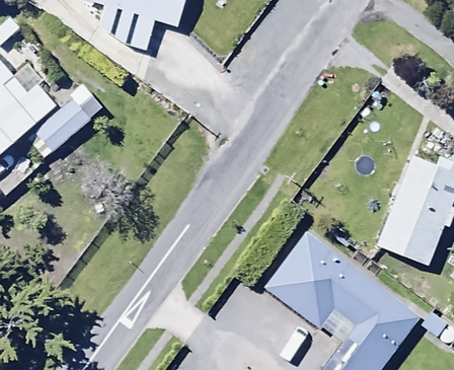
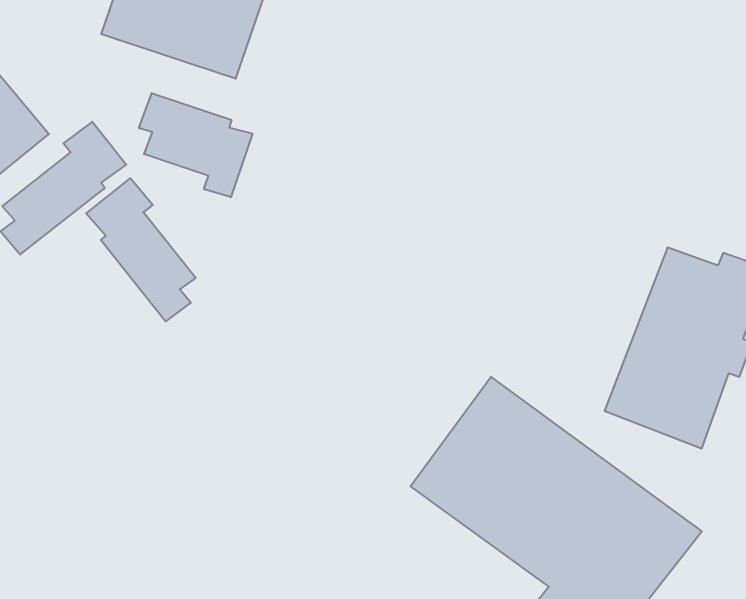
building: none -> [139,93,253,197]
building: none -> [86,178,196,321]

